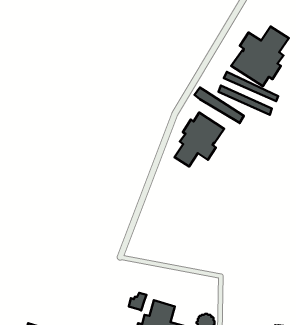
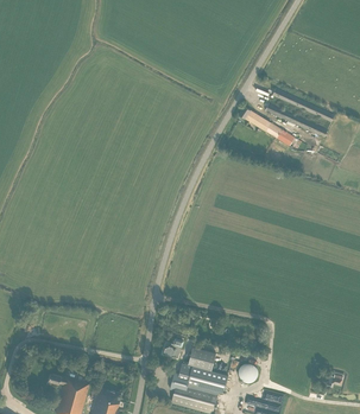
building: [231,27,289,86] -> none
building: [175,113,224,166] -> none

